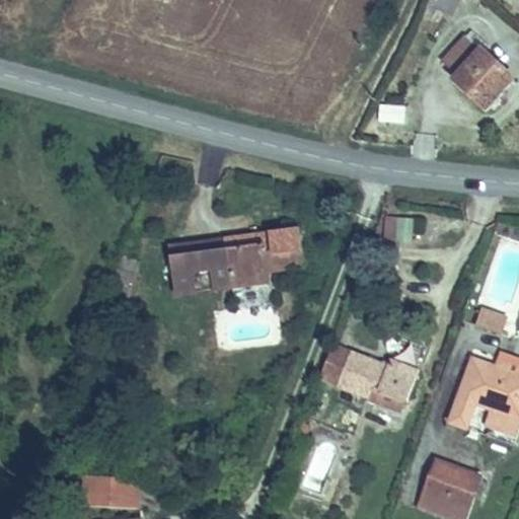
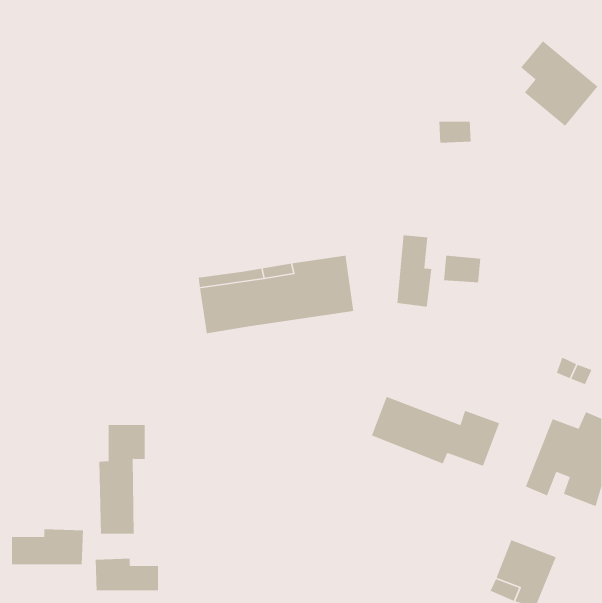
building: none -> [397,234,432,308]
building: none -> [99,424,146,535]
building: none -> [11,528,84,565]

